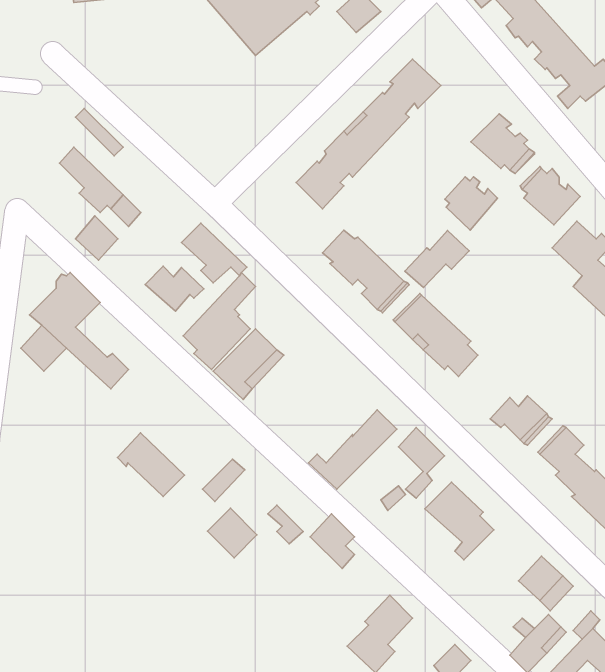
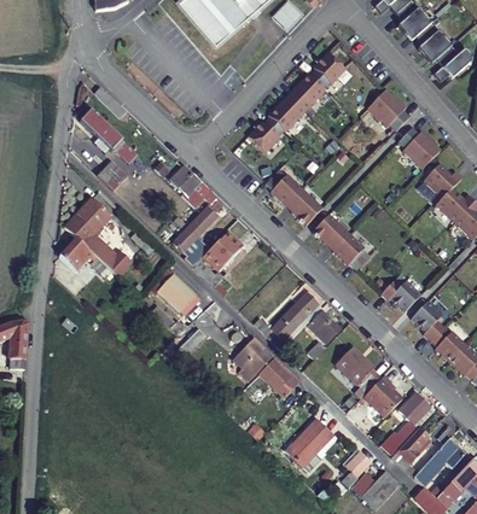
building: [445,177,497,230] -> none
building: [405,230,469,287] -> none
building: [145,266,204,311] -> none
building: [117,433,184,496] -> [155,271,200,315]
building: [208,508,257,558] -> [234,340,268,374]
building: none -> [365,370,405,411]

